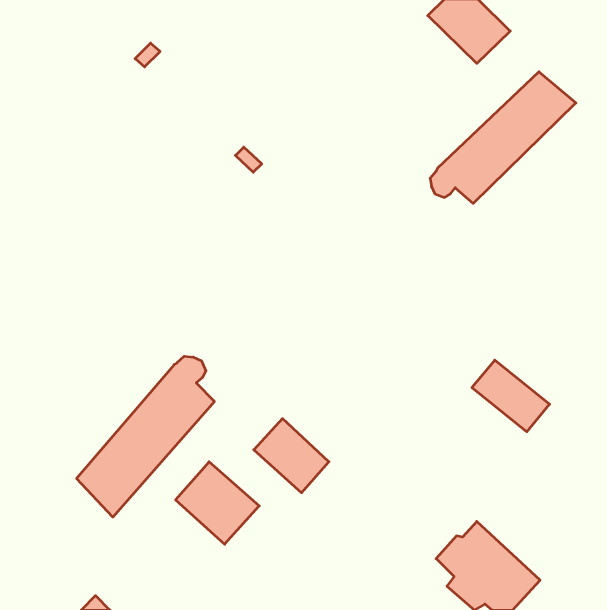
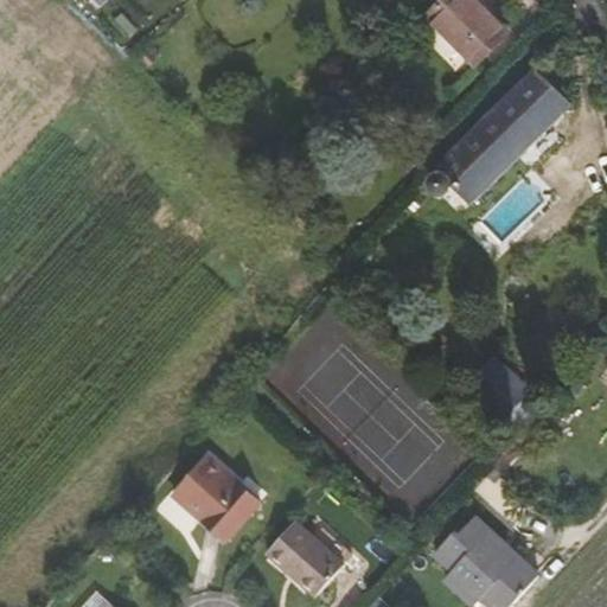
building: [77,356,214,517] -> none
building: [254,419,329,493] -> [267,522,341,595]

